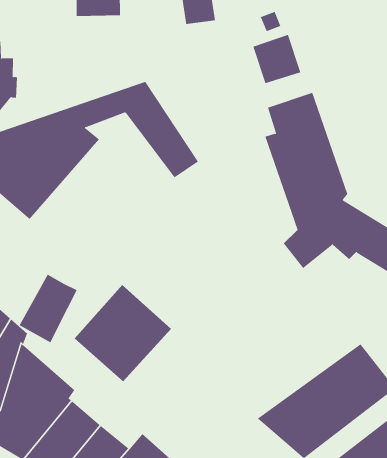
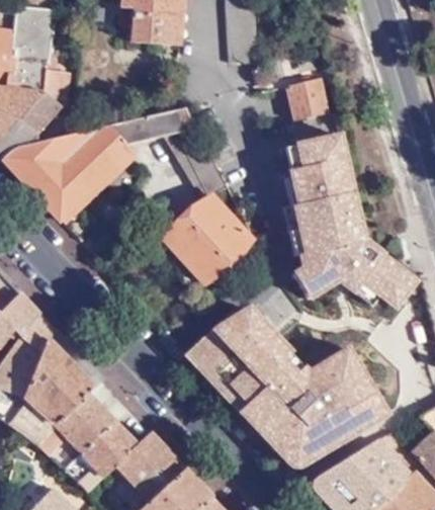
building: [19,274,77,343] -> none
building: [74,284,172,382] -> [162,194,253,284]
building: none -> [187,306,359,428]

